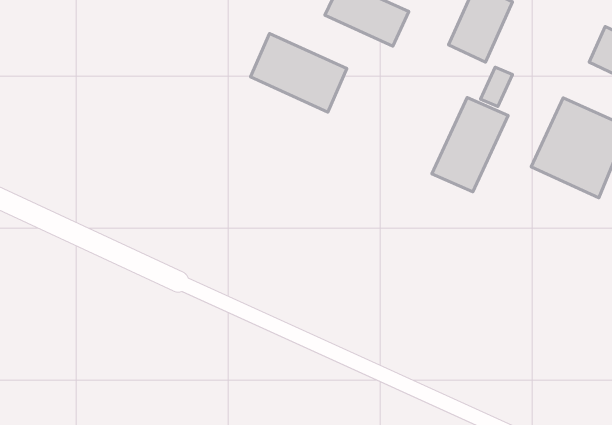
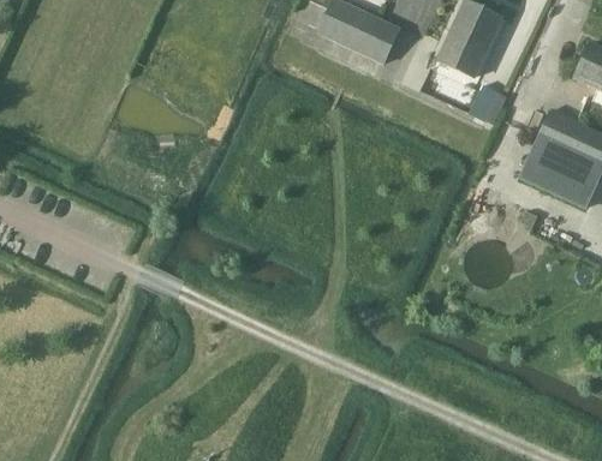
building: [251,33,347,112] -> none
building: [432,97,508,192] -> none

